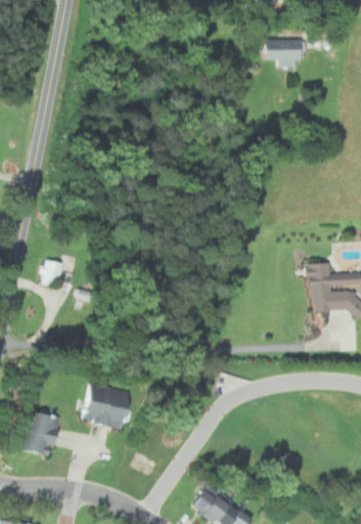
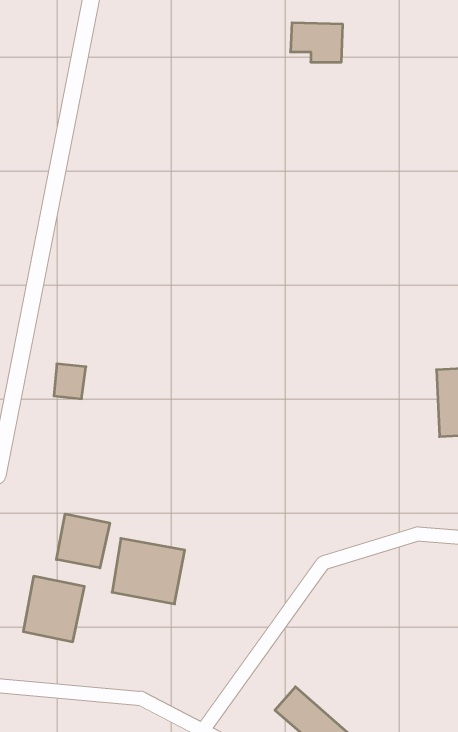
building: [259,38,296,66] -> [290,23,343,62]
building: none -> [56,514,110,568]

